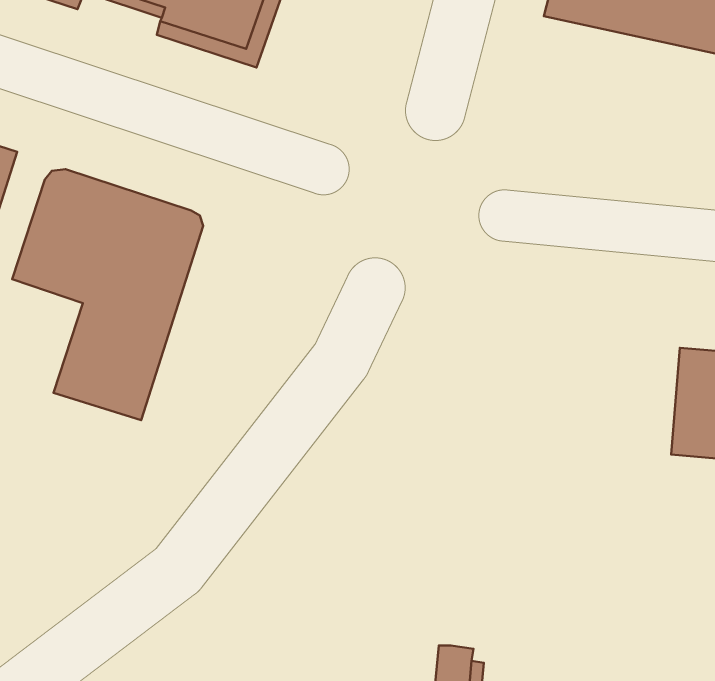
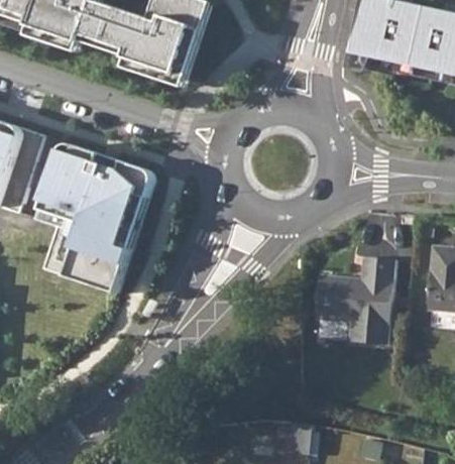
building: none -> [37,208,82,274]
building: none -> [315,259,394,347]

